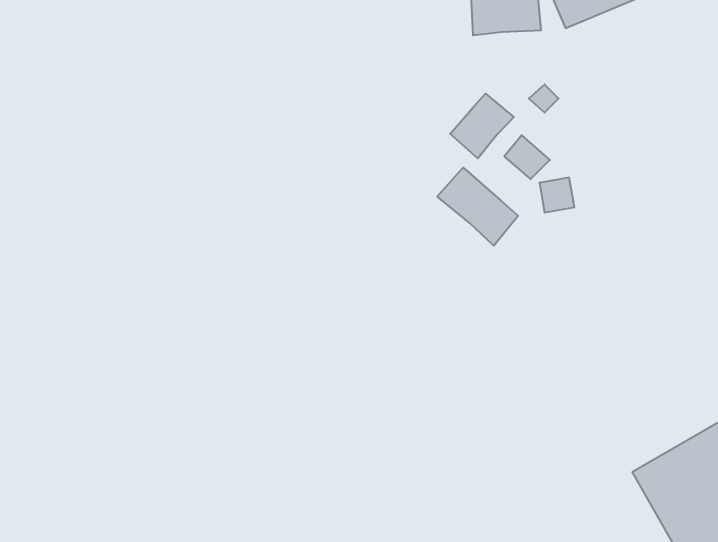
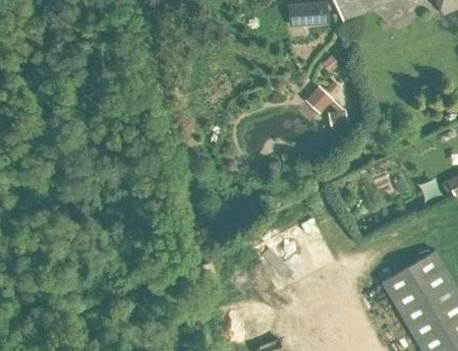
building: [450,94,514,158] -> none
building: [437,168,518,246] -> none

